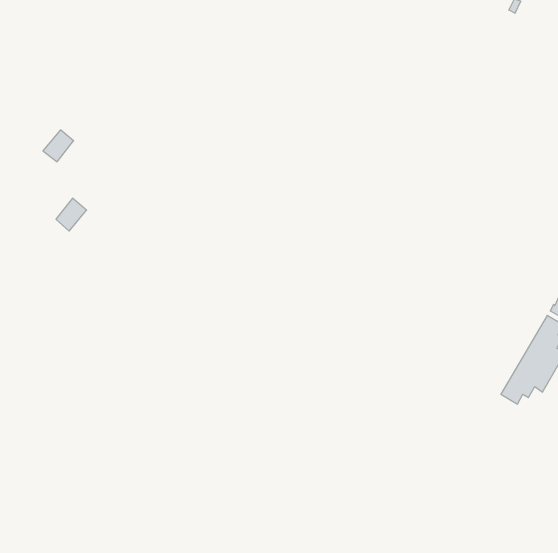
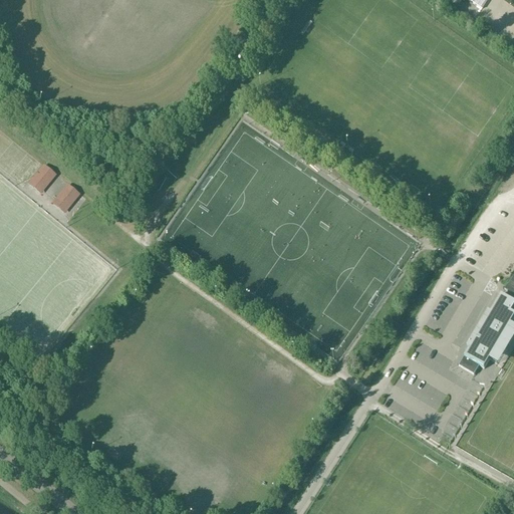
building: [43,130,74,162] -> [29,163,57,192]

